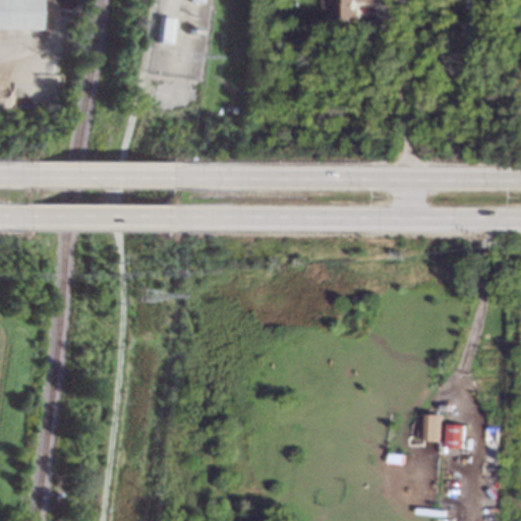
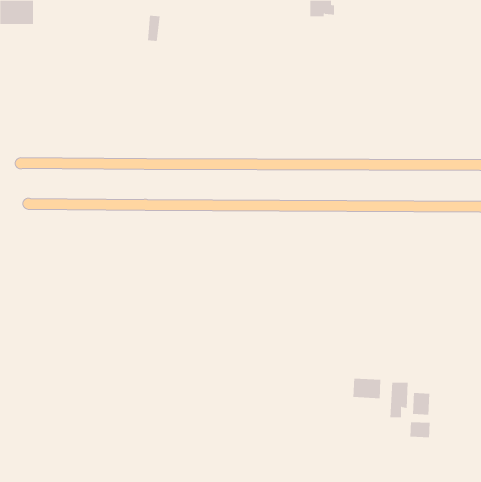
building: none -> [353,378,381,399]
building: none -> [410,421,430,438]

